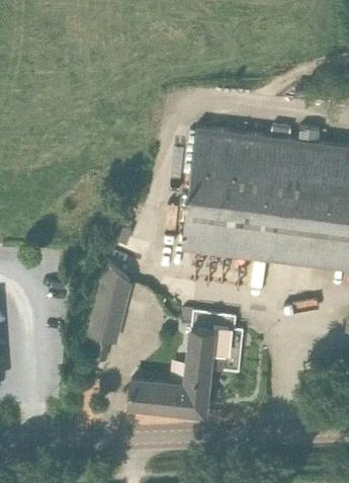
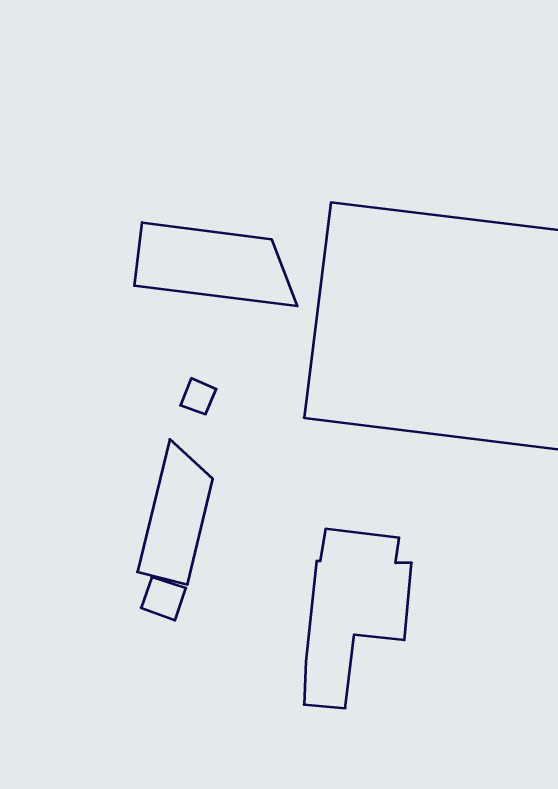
building: none -> [134,222,297,306]
building: [128,383,182,412] -> none

